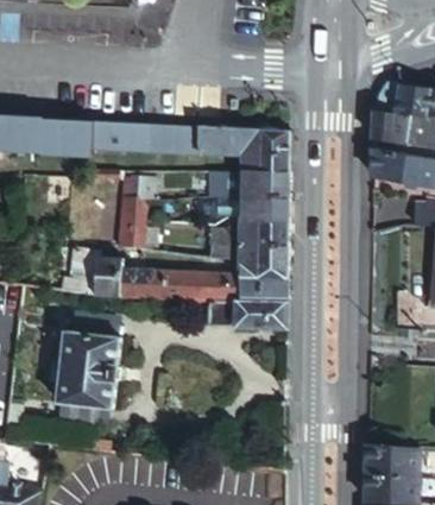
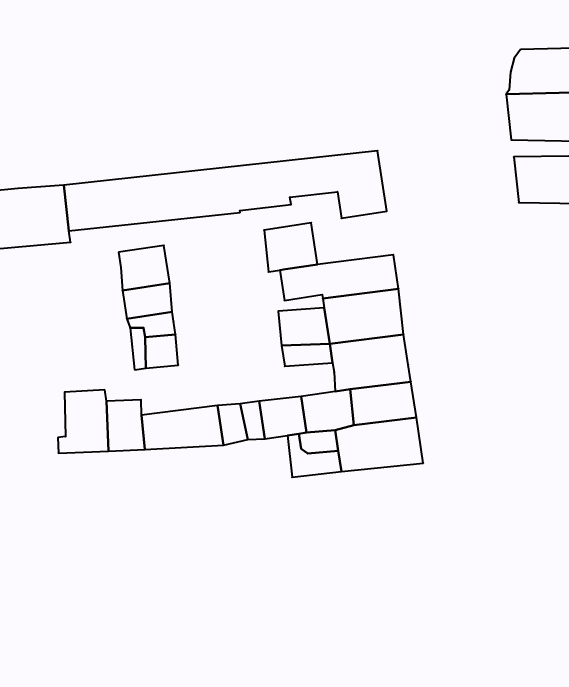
building: [240,170,288,197] -> none
building: [58,327,120,404] -> none

